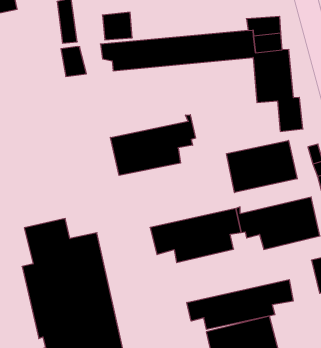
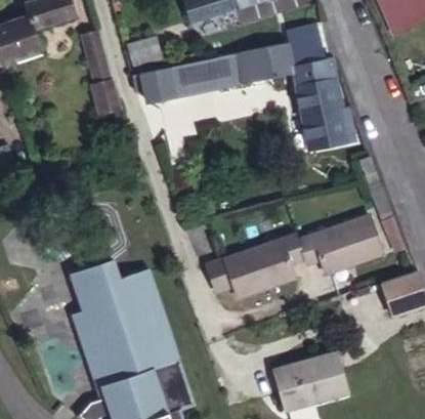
building: [110,115,195,175] -> none
building: [227,140,297,193] -> none
building: [187,280,293,329] -> none

